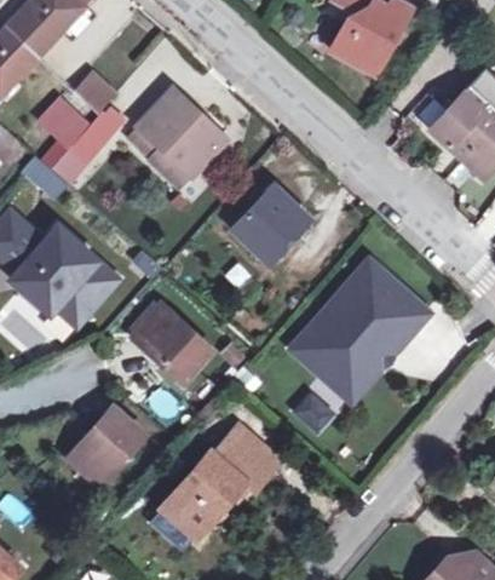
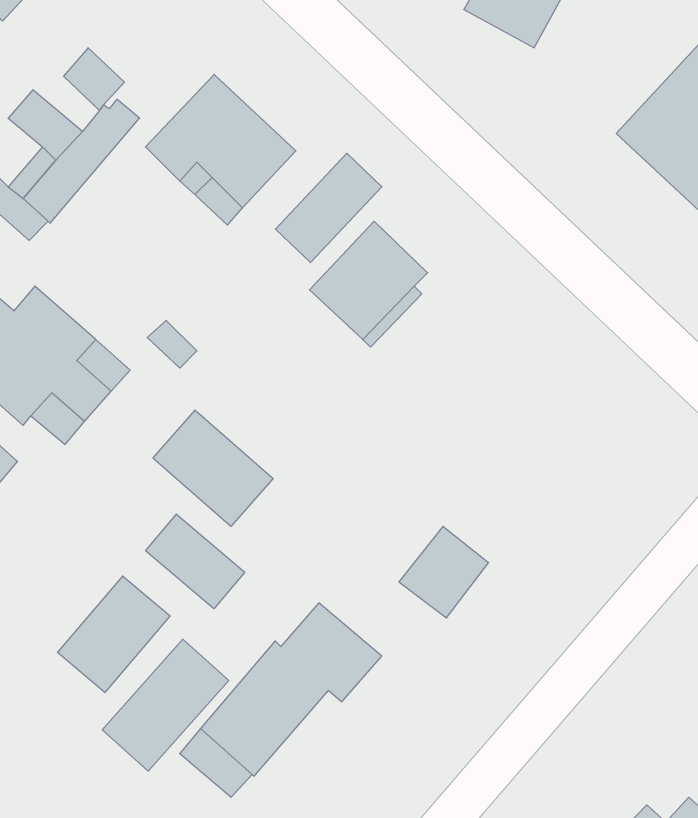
building: none -> [275,153,382,263]
building: [290,259,431,402] -> none
building: none -> [146,514,245,609]
building: none -> [102,639,229,771]

